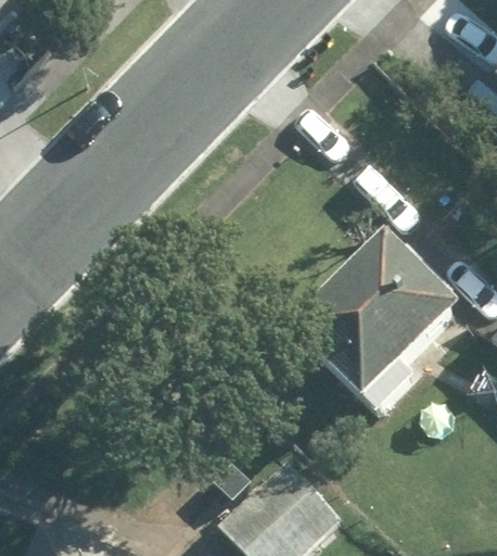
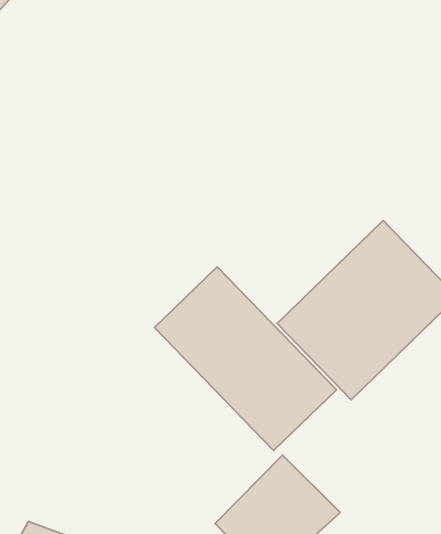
building: none -> [154,267,336,451]

